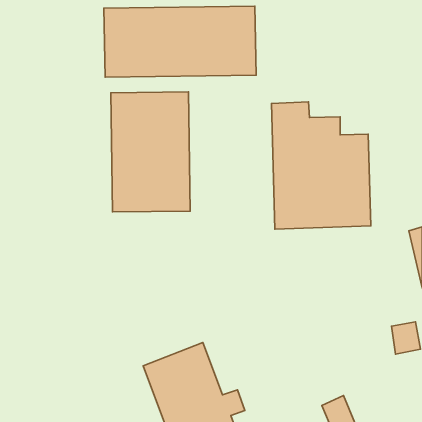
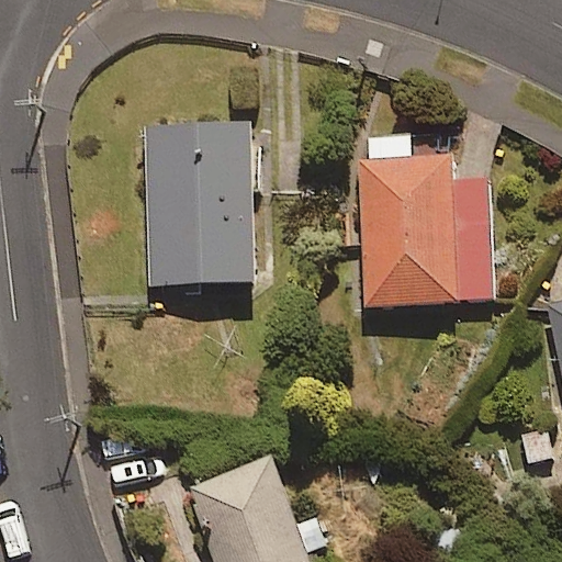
building: [104,6,256,77] -> none

